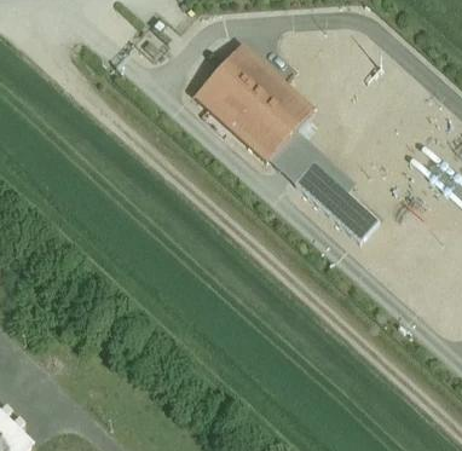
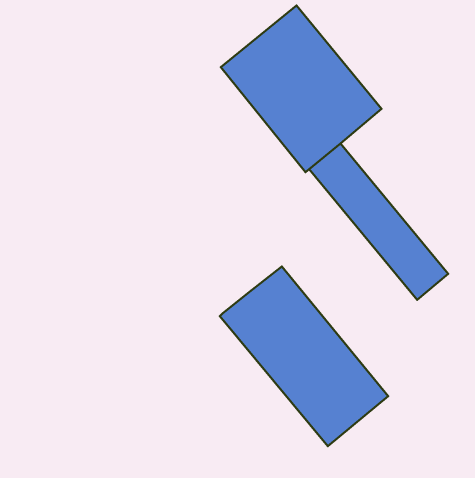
building: none -> [220,267,388,446]

